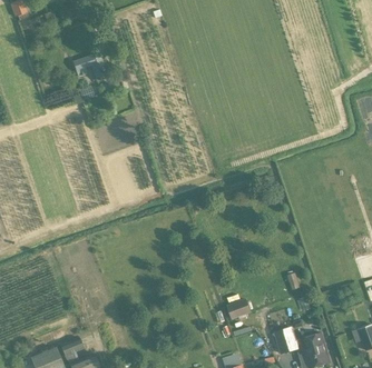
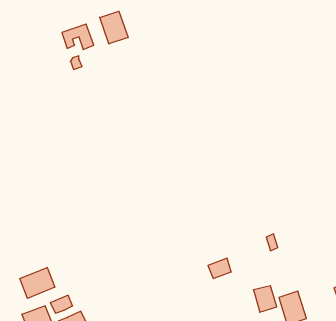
building: none -> [100,11,128,44]
building: none -> [20,267,55,298]

